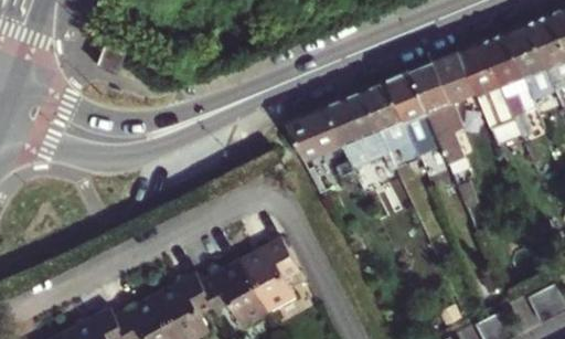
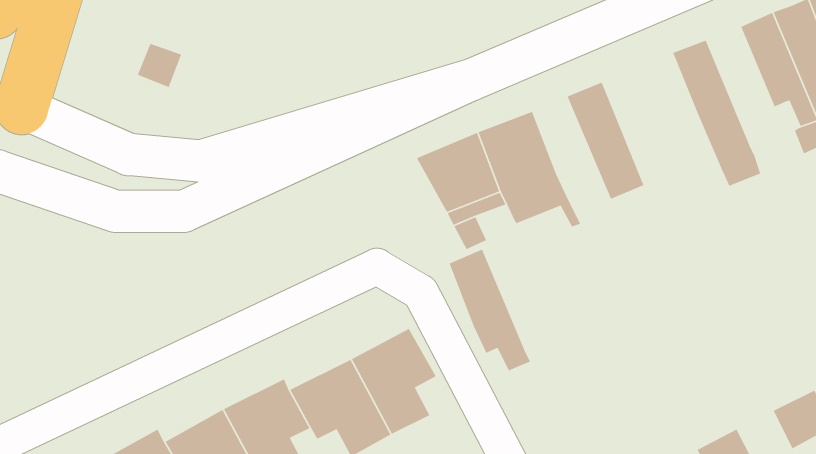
building: [482,34,529,117] -> none
building: [412,52,476,165] -> none
building: [364,82,420,166] -> [448,248,531,372]

